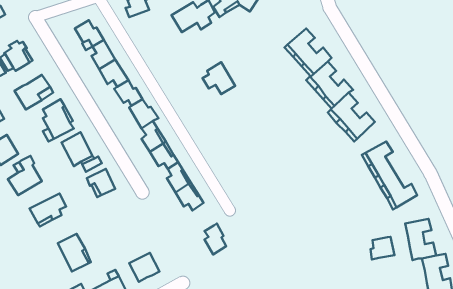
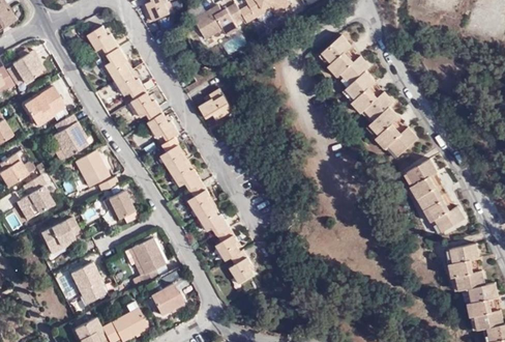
building: [202,62,235,94] -> [199,89,235,124]
building: none -> [216,227,241,261]
building: none -> [129,237,162,284]
building: [370,237,394,260] -> none

